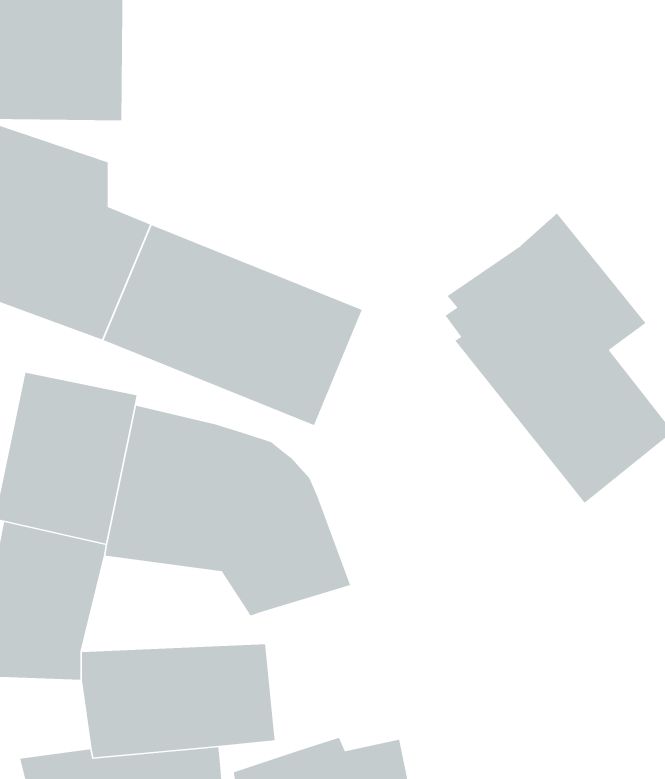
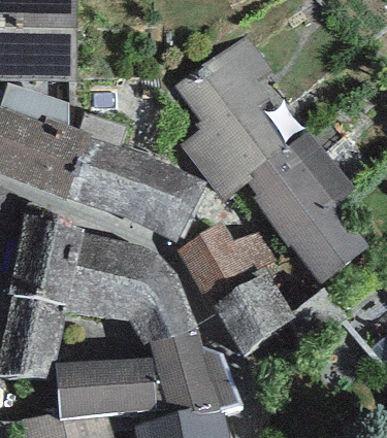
building: none -> [175,34,288,201]
building: none -> [174,220,297,351]
building: none -> [151,327,239,414]

